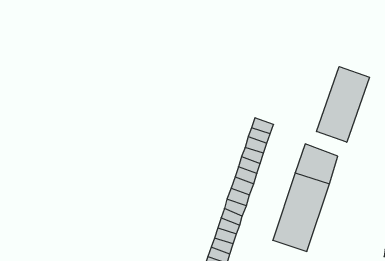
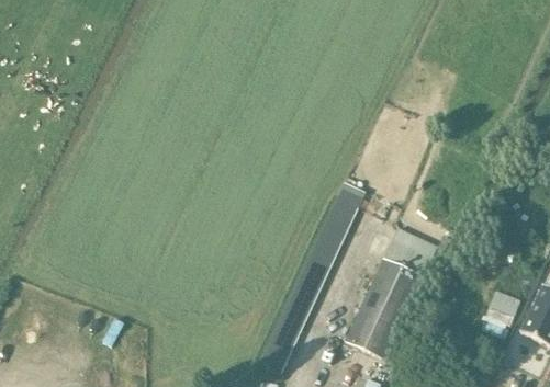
building: [317,67,369,142] -> none

